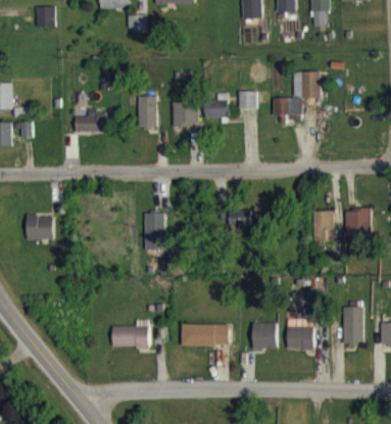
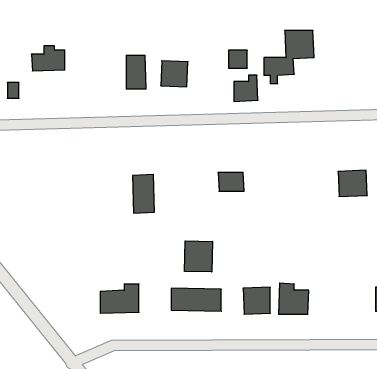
building: [203,93,227,119] -> [234,75,258,101]
building: [74,108,106,133] -> [31,46,65,71]
building: [312,210,337,241] -> none
building: [26,216,53,240] -> none
building: none -> [185,241,212,272]
building: [342,307,364,346] -> none

